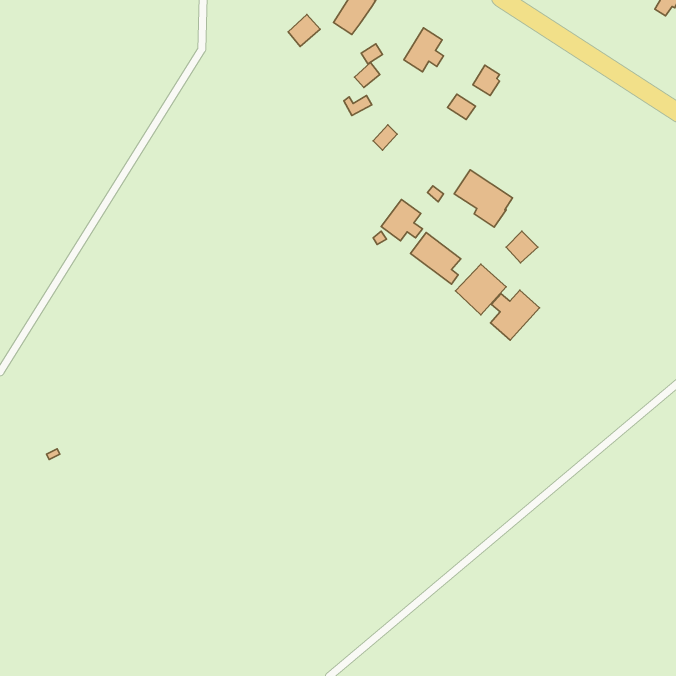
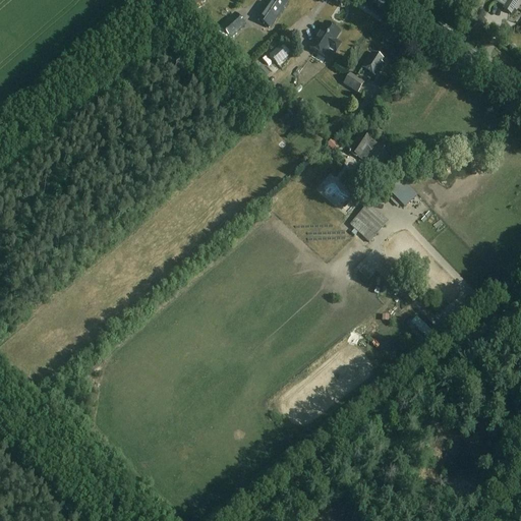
building: [381,199,422,241] -> none
building: [490,290,539,340] -> none

